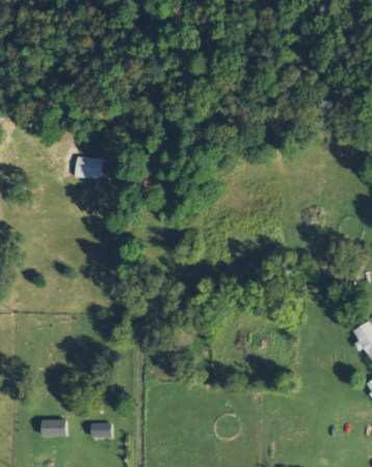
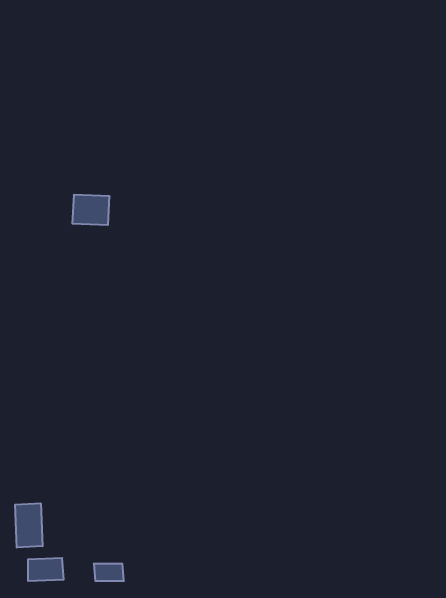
building: none -> [15,503,43,548]

